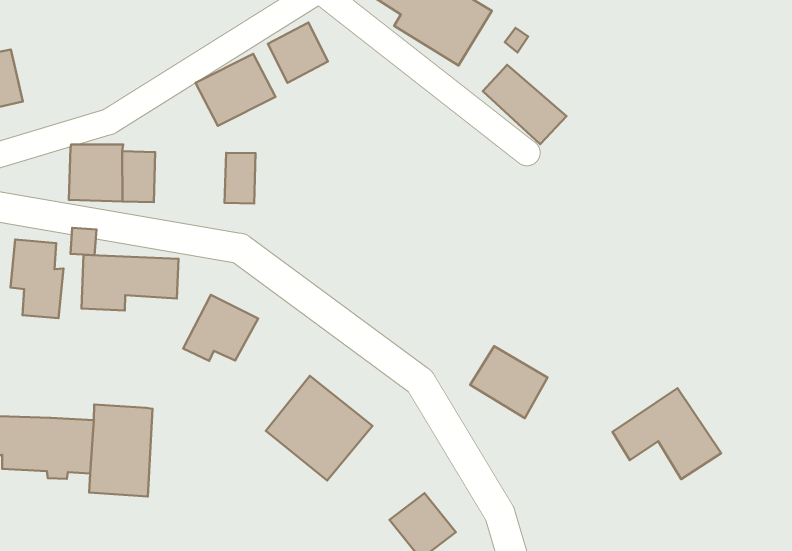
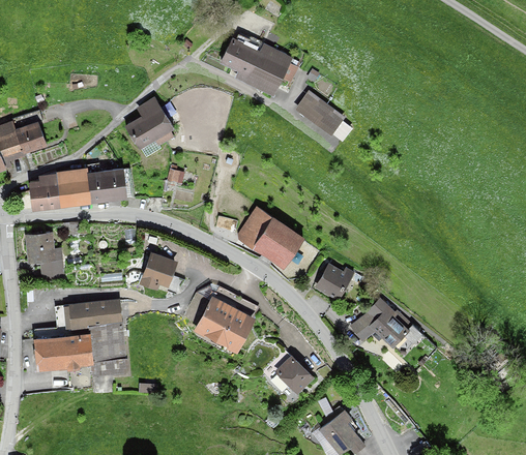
building: [268,22,328,83] -> none
building: none -> [13,122,46,155]
building: none -> [27,175,57,209]
building: [225,153,255,203] -> [105,169,125,201]
building: none -> [238,205,309,268]
building: [82,255,179,311] -> [60,300,119,337]
building: [613,388,721,479] -> [349,297,415,351]

